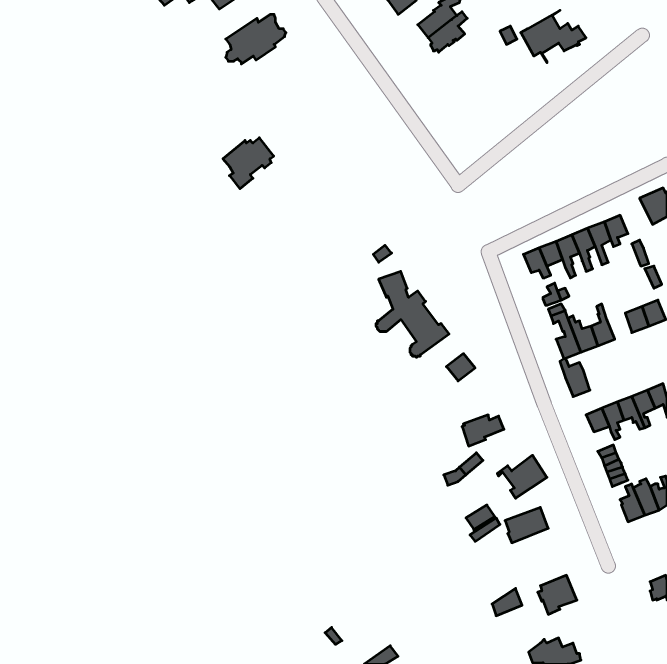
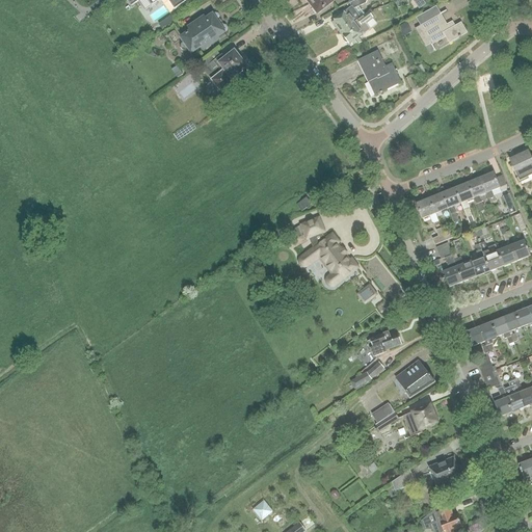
building: none -> [360,49,401,94]
building: [223,138,274,189] -> [205,50,245,90]
building: [560,359,590,397] -> [479,240,503,270]

